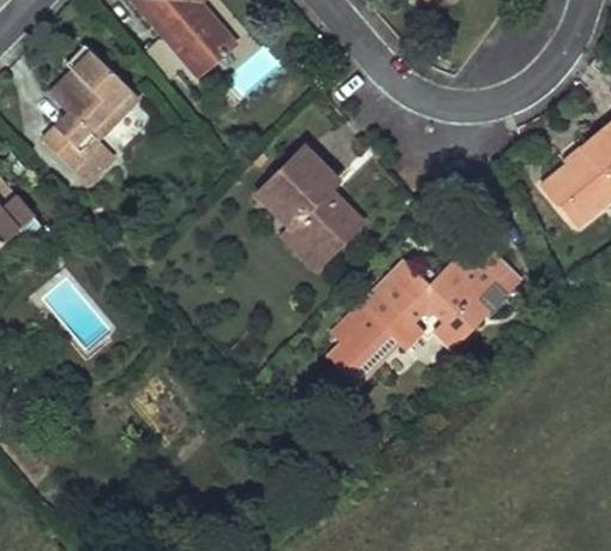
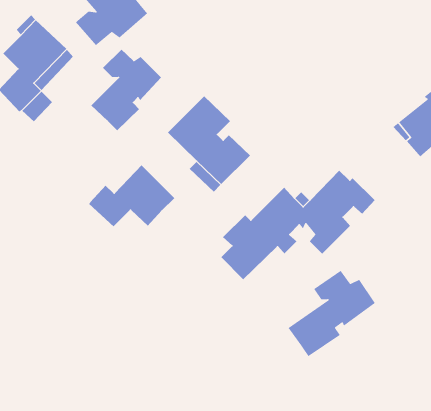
building: none -> [90,49,162,131]
building: none -> [88,165,175,227]
building: none -> [287,270,376,357]

